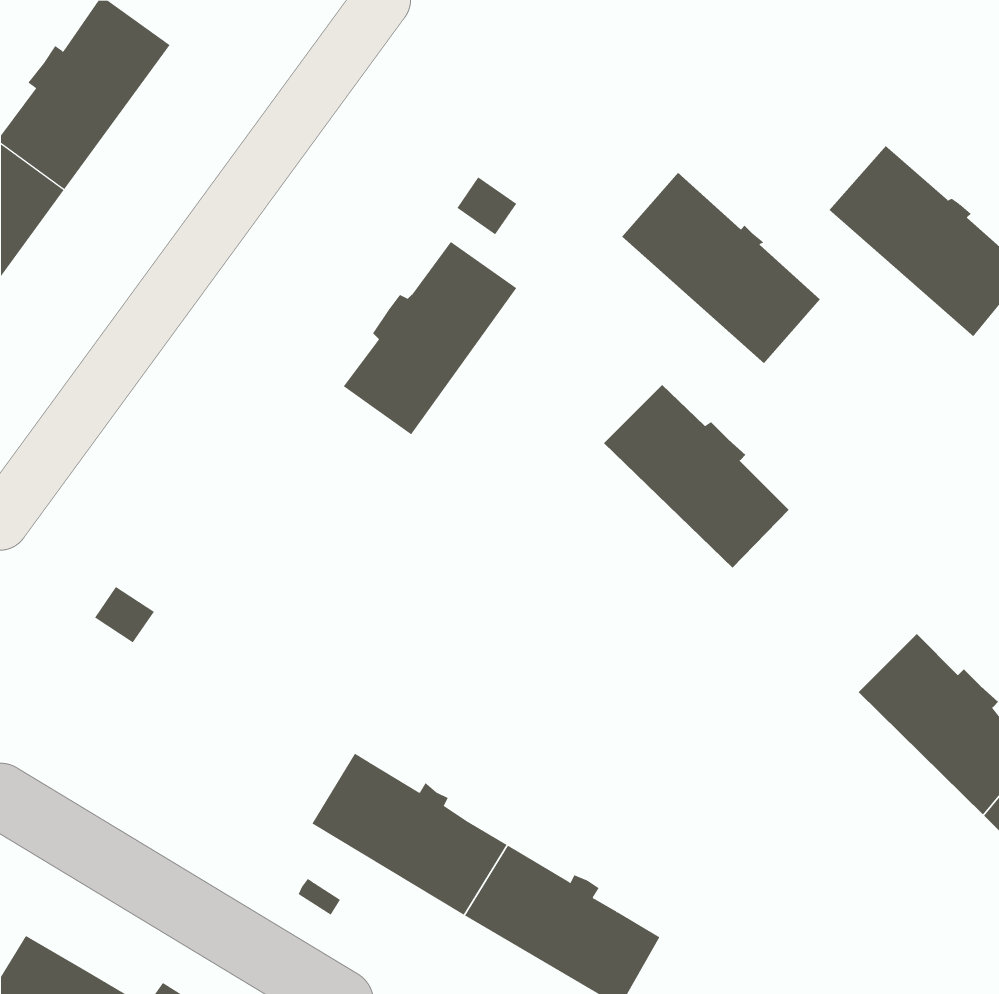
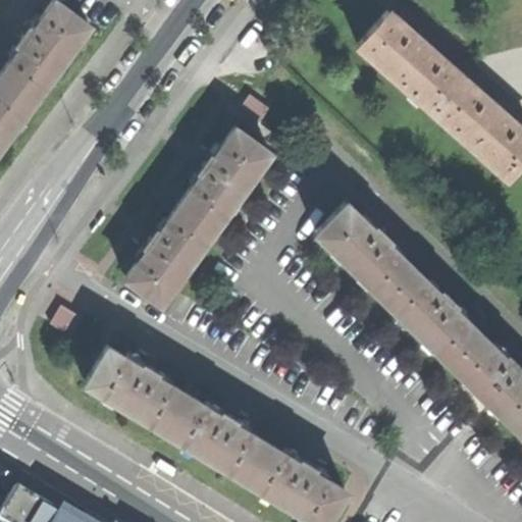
building: [621,172,821,364] -> [358,13,462,113]
building: none -> [125,205,215,306]
building: none -> [382,269,478,364]
building: none -> [85,348,186,432]

